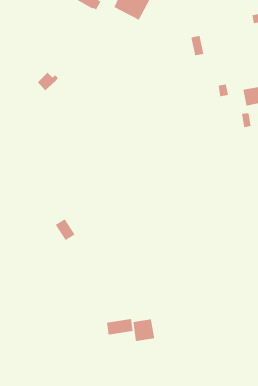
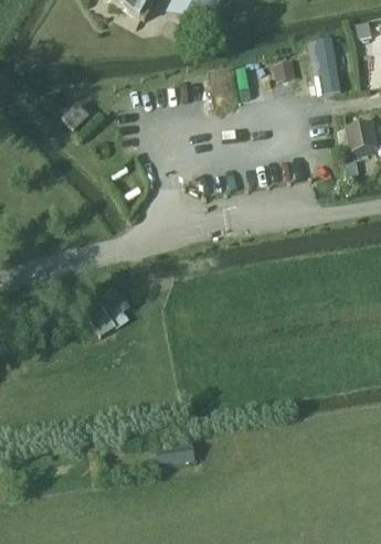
building: none -> [315,36,340,93]
building: [133,319,155,342] -> none

